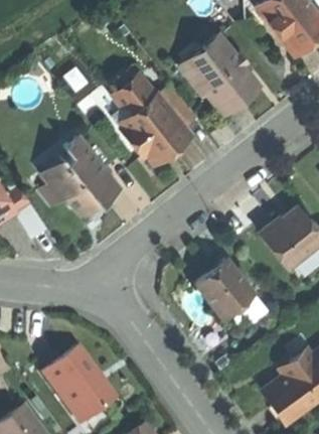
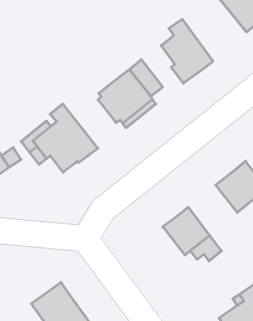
building: [177,44,211,98] -> none
building: [113,75,155,114] -> none

